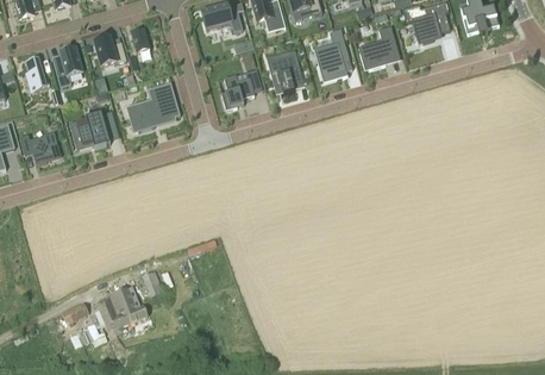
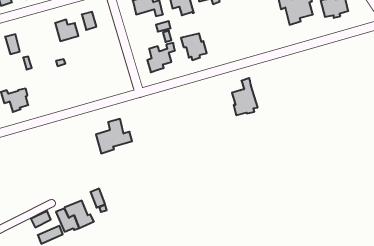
building: [359,26,399,69] -> none
building: [317,29,352,80] -> [232,78,258,115]
building: [52,46,82,87] -> none
building: [130,83,180,131] -> [96,119,132,153]
building: [75,112,109,148] -> none

